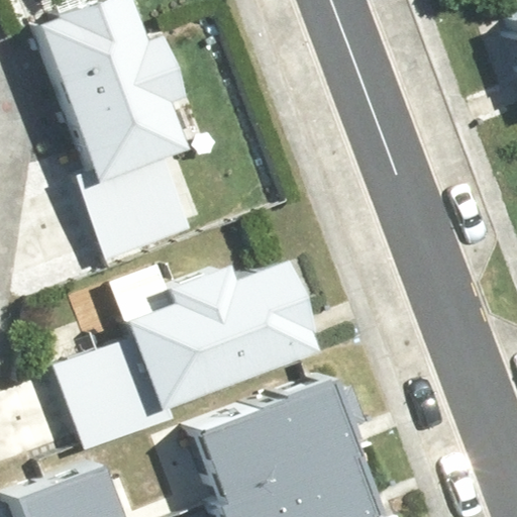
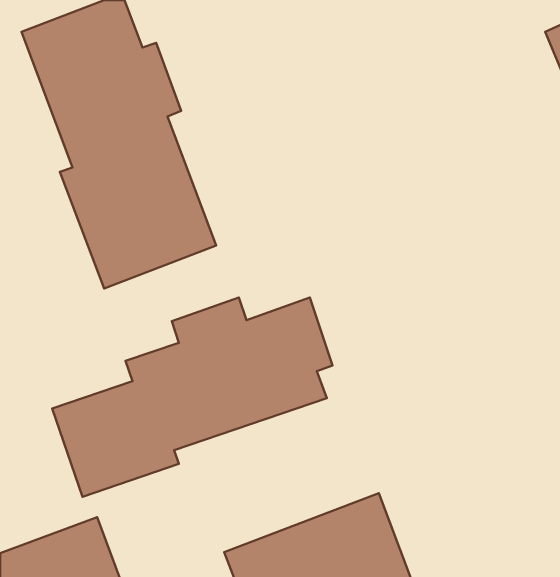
building: [186,361,354,494] -> none

